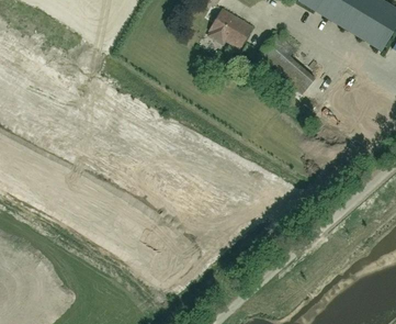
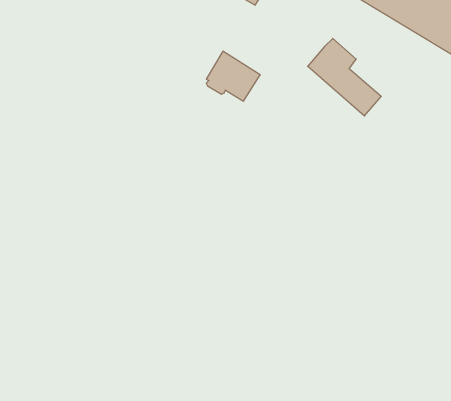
building: [210,8,252,47] -> [206,51,260,101]

